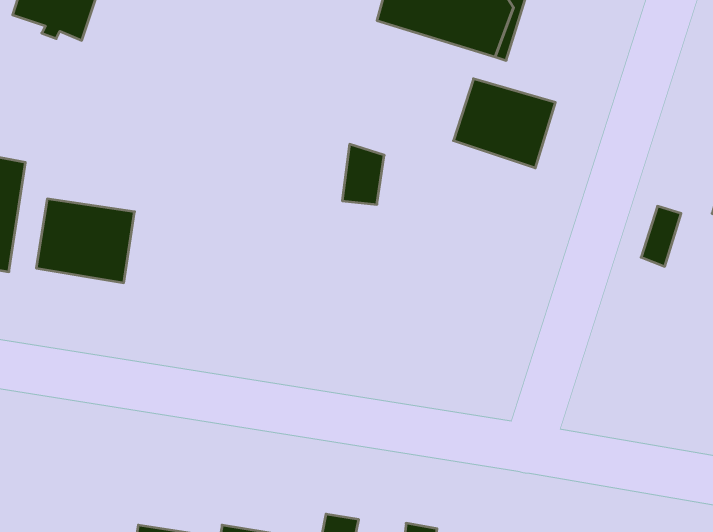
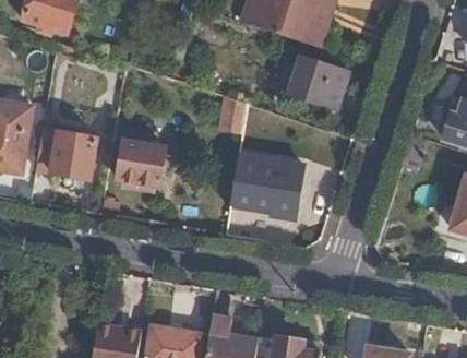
building: none -> [120,142,165,186]
building: none -> [232,153,304,218]

